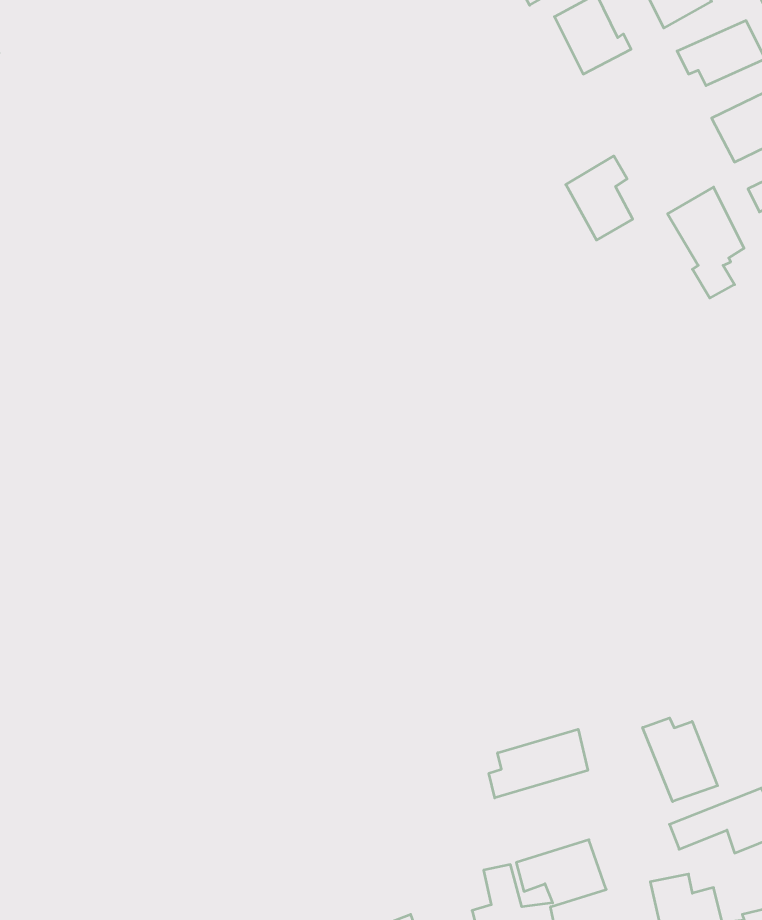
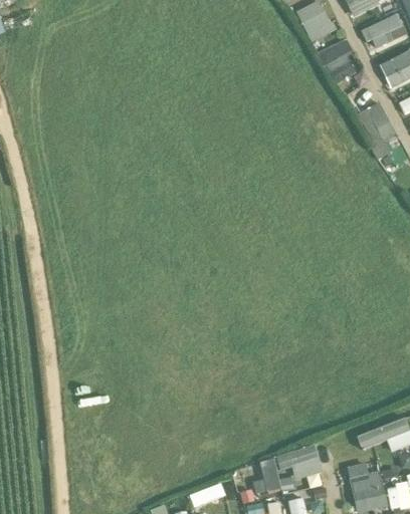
building: [566,156,633,240] -> [321,39,356,83]
building: [643,718,718,802] -> none
building: [489,729,588,798] -> none

